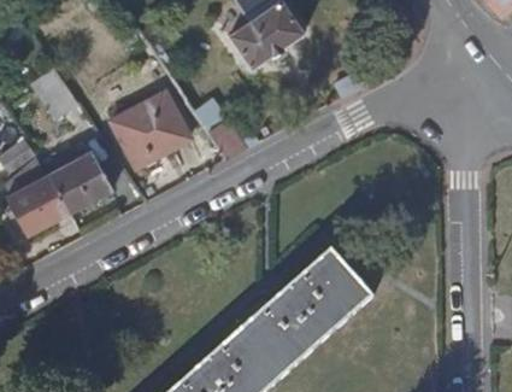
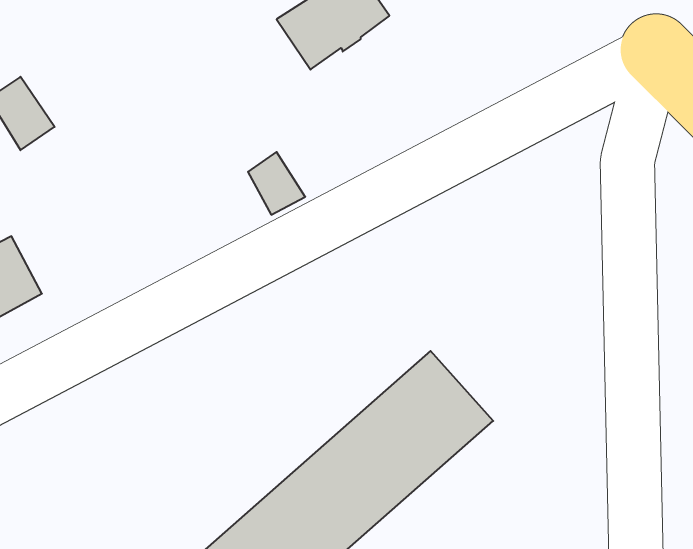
building: [113,90,190,165] -> none
building: [48,151,112,211] -> none

